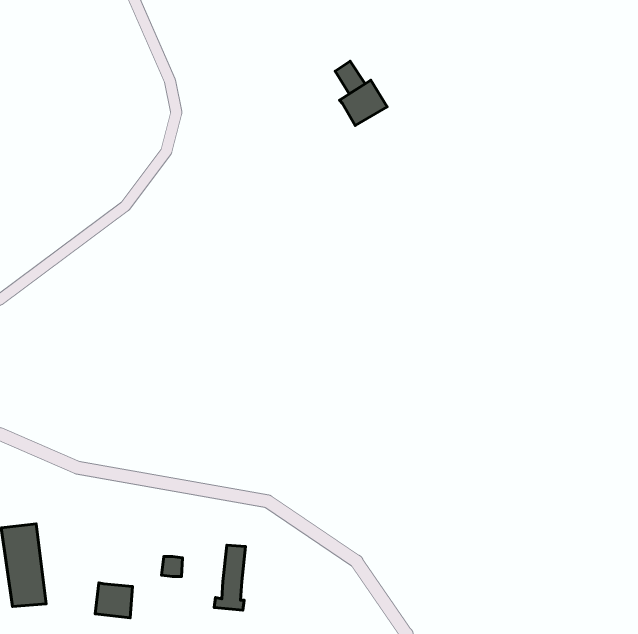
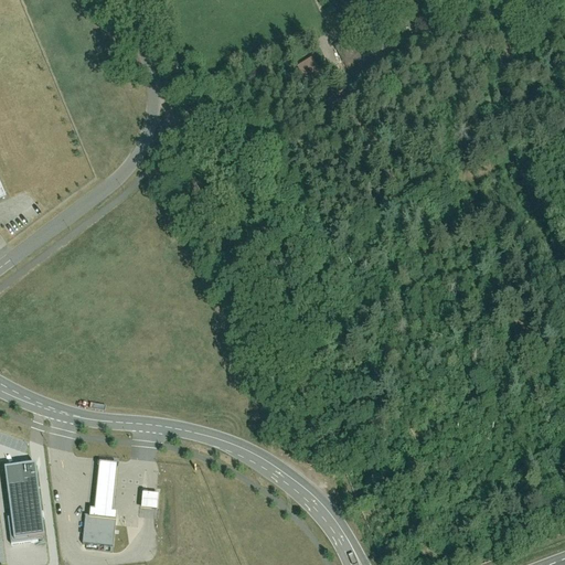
building: [339,80,387,125] -> none
building: [214,545,245,610] -> [92,460,119,518]

